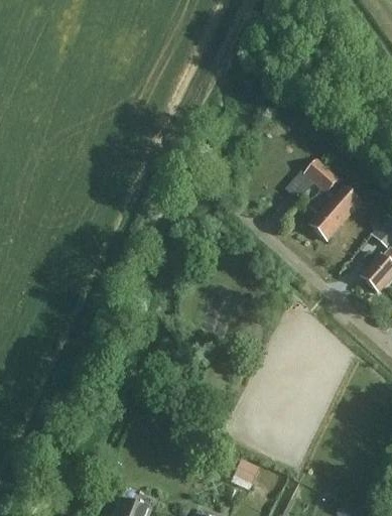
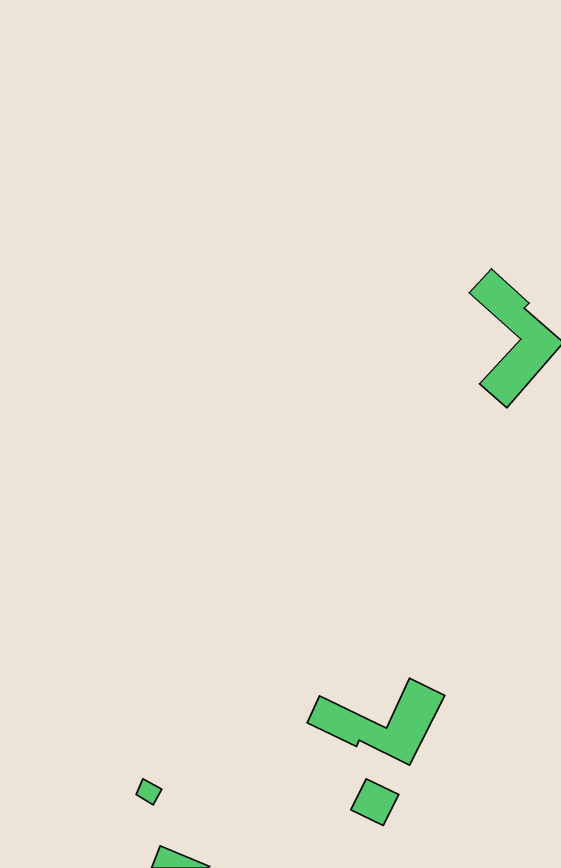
building: none -> [307,678,445,765]

